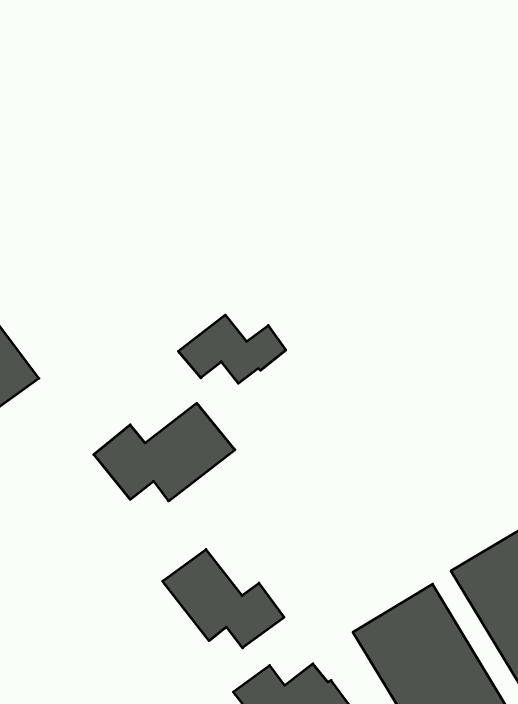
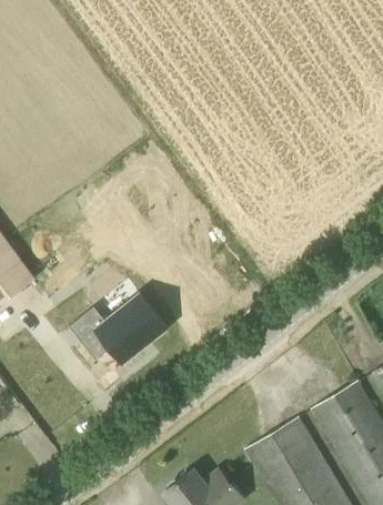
building: [178,315,286,383] -> none
building: [163,549,284,648] -> none

